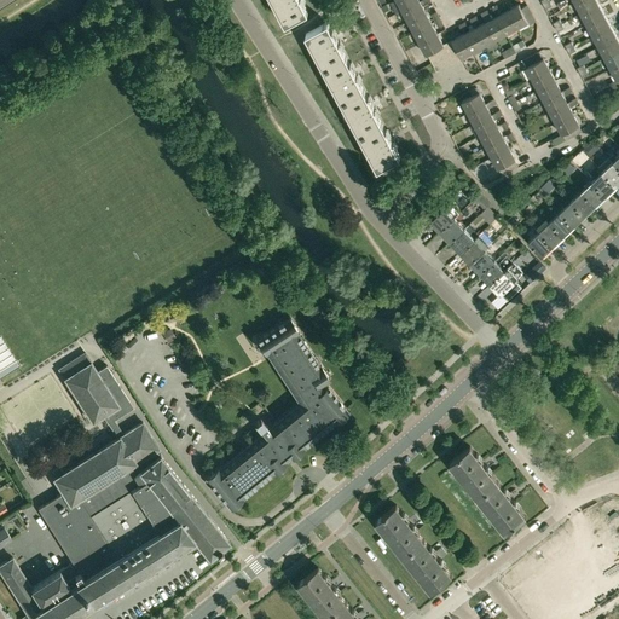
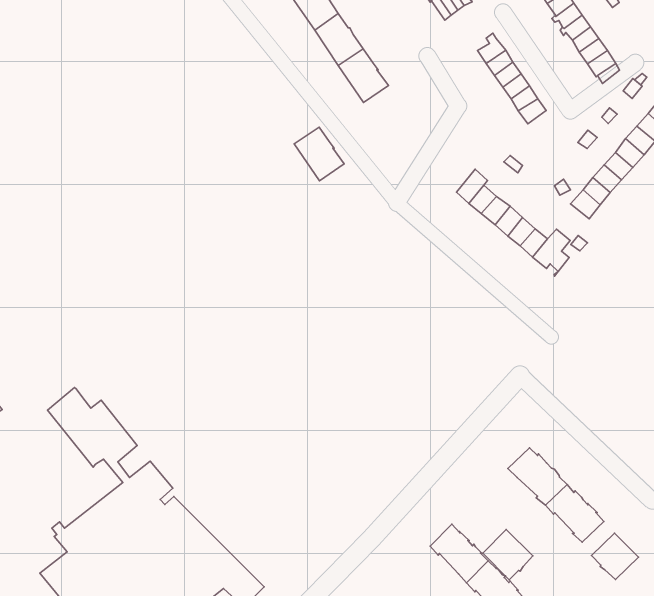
building: [358,126,399,172] -> [294,127,344,181]
building: [203,320,347,510] -> none
building: none -> [483,529,533,580]
building: none -> [591,533,638,580]

